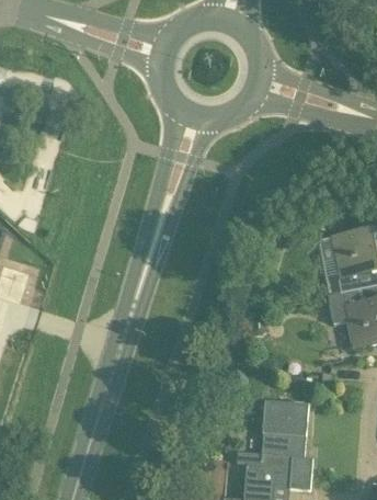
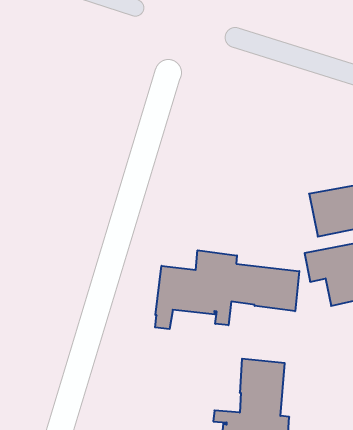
building: none -> [155,250,299,329]

